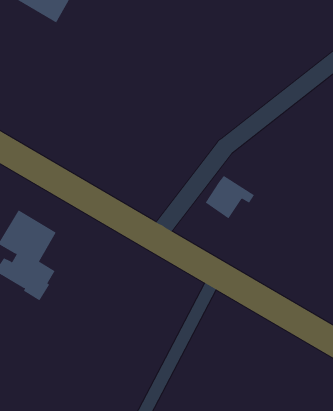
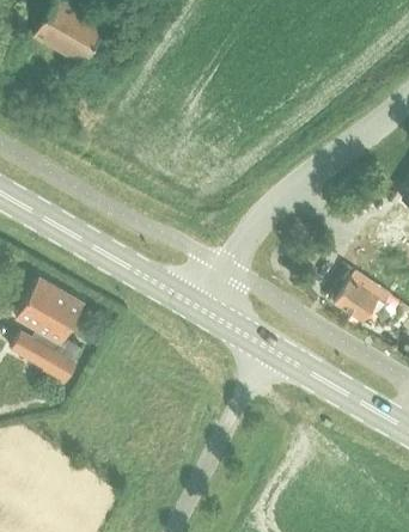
building: [205,175,255,219] -> [334,273,391,323]

